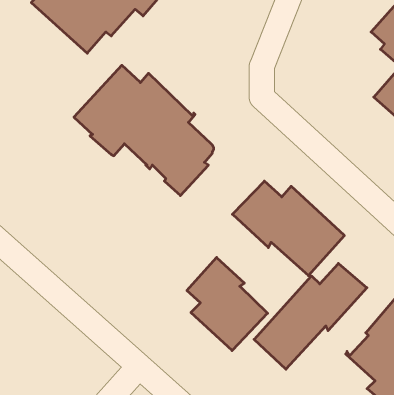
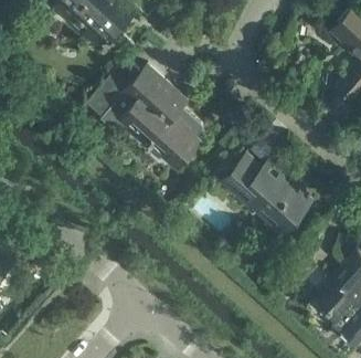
building: [187,257,268,351] -> none
building: [254,263,367,369] -> none

